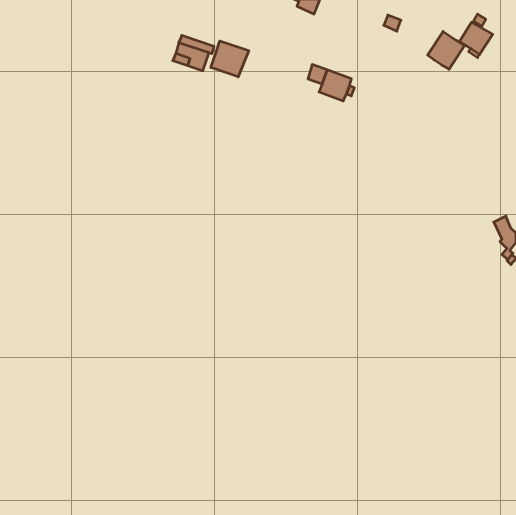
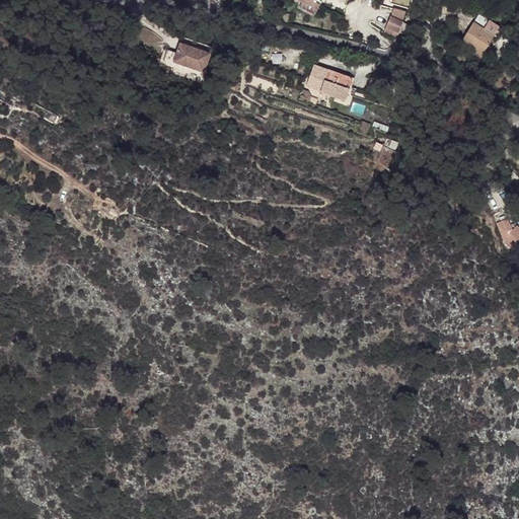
building: [428,31,464,69] -> none
building: [211,41,249,77] -> none

